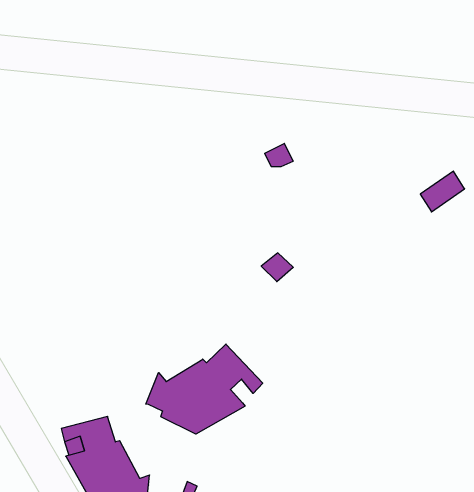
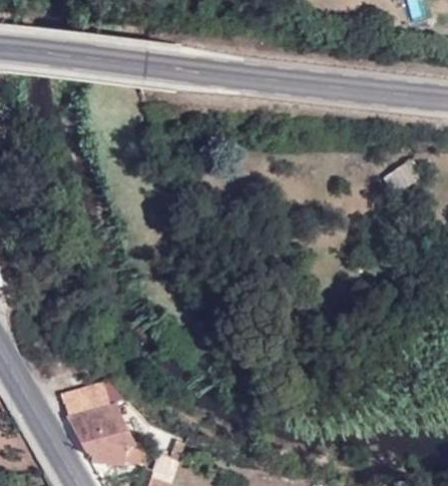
building: [146,344,263,434] -> none

